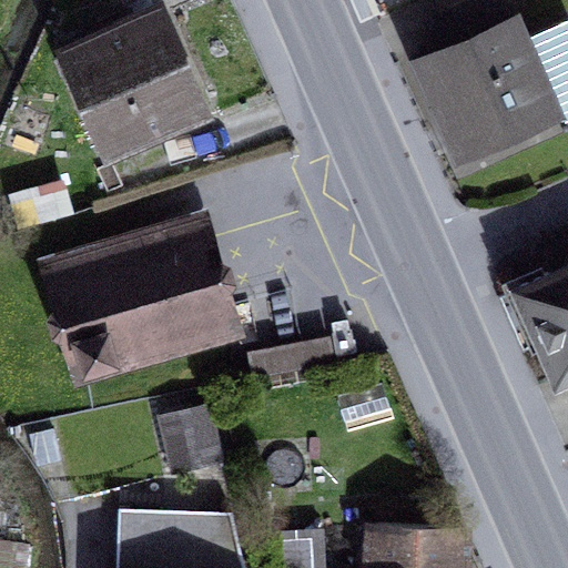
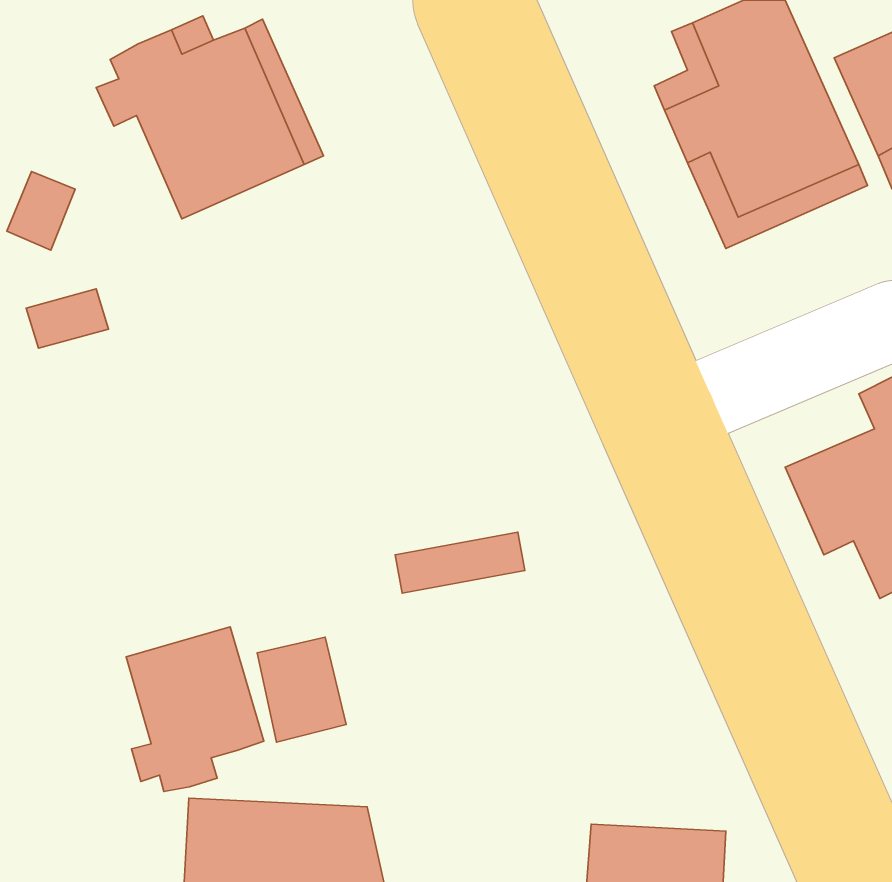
building: [60,235,226,373] -> none
building: none -> [126,627,264,792]

